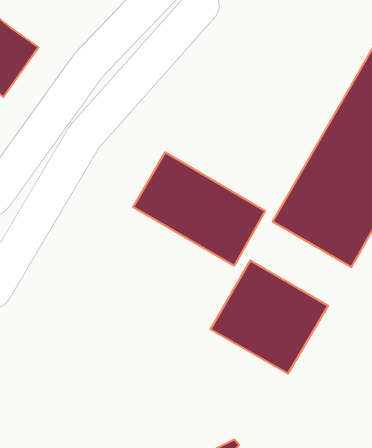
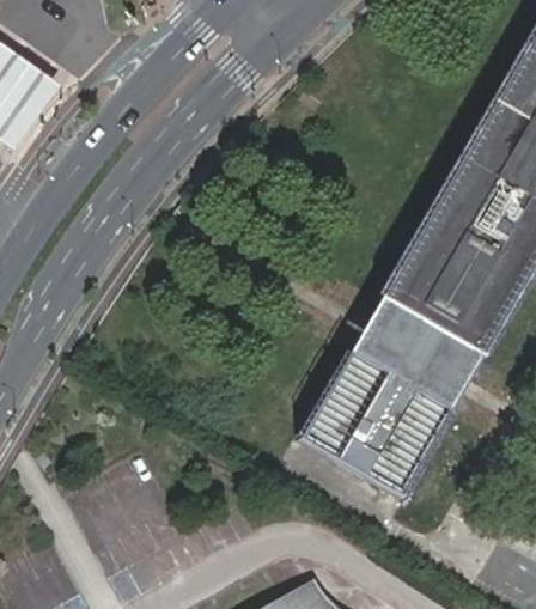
building: [133,152,265,266] -> none
building: none -> [345,309,475,418]

